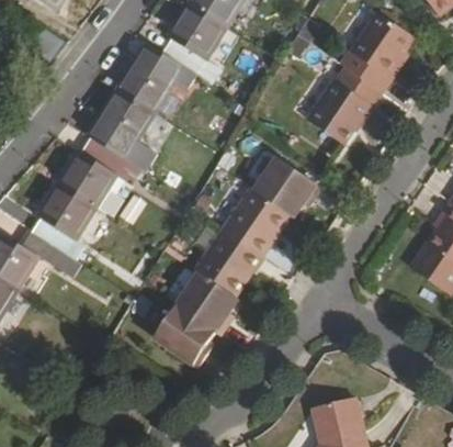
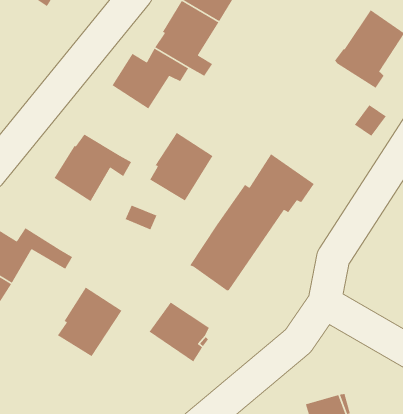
building: [307,67,382,145] -> none
building: [89,89,154,159] -> [149,132,214,202]
building: [30,182,95,254] -> [57,286,123,357]
building: [175,272,239,336] -> none

